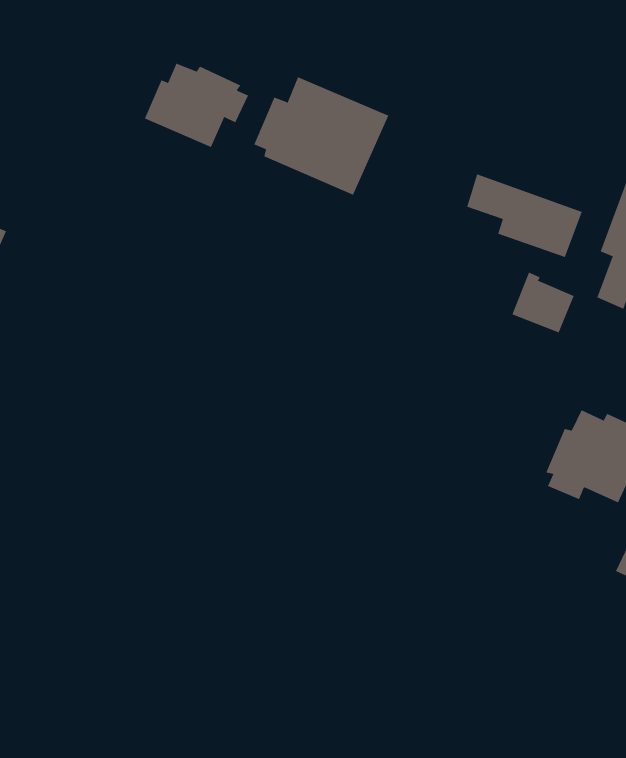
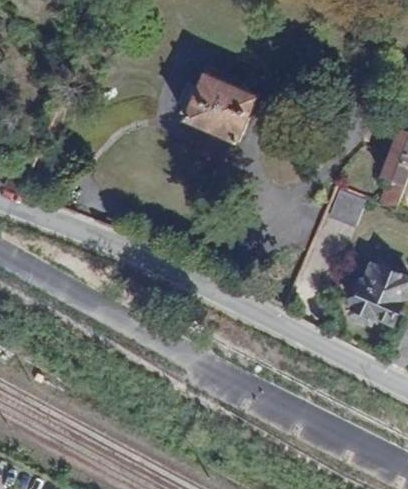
building: [144,63,249,148] -> none
building: [466,173,582,258] -> none

